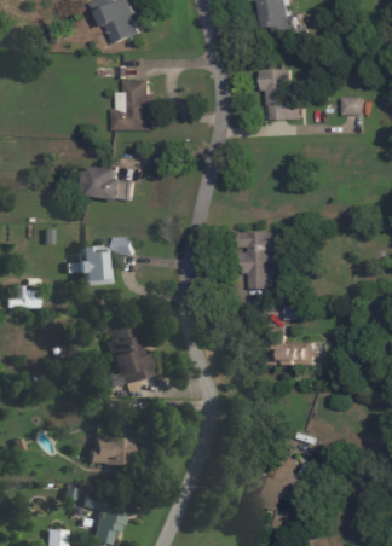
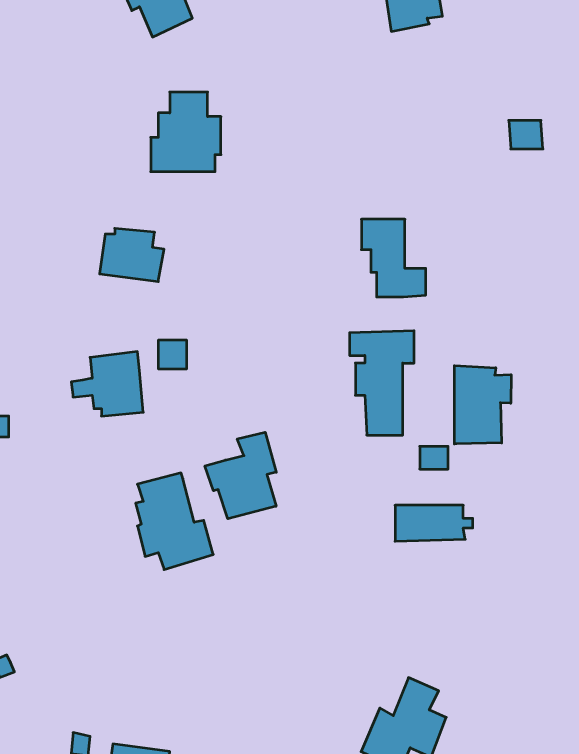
building: [261,70,302,120] -> [361,219,426,297]
building: none -> [454,366,511,444]
building: none -> [205,432,276,519]
building: [86,422,132,465] -> none

